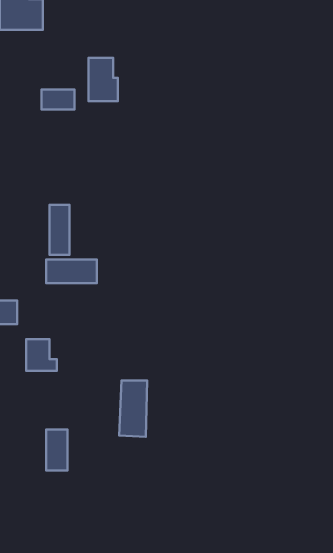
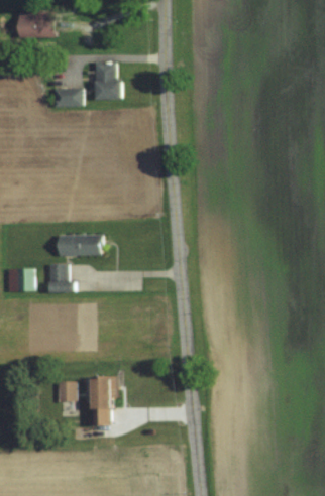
building: [50,205,70,255] -> none
building: [26,339,57,371] -> [47,264,74,291]
building: [119,381,147,437] -> [89,377,113,425]

